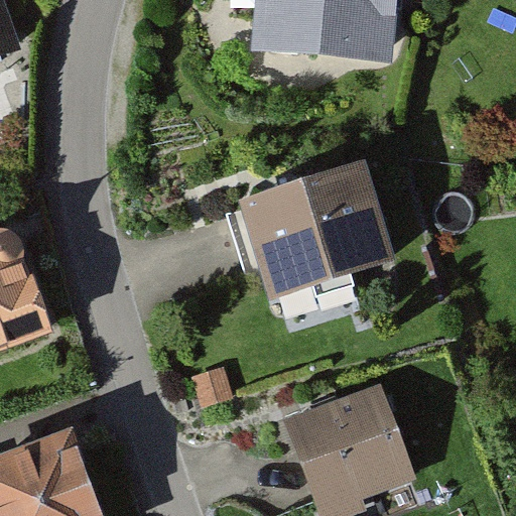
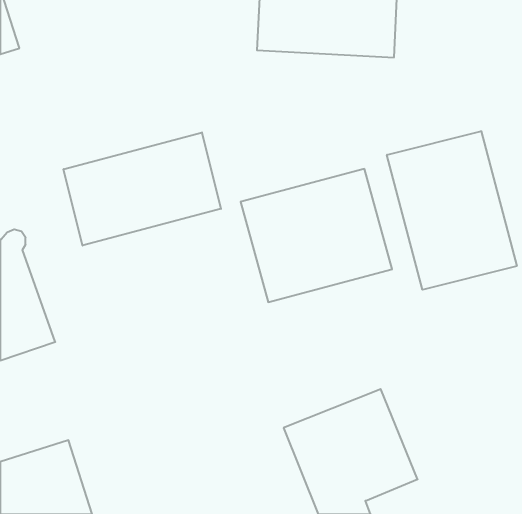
building: none -> [387,131,517,290]
building: none -> [64,132,221,246]

